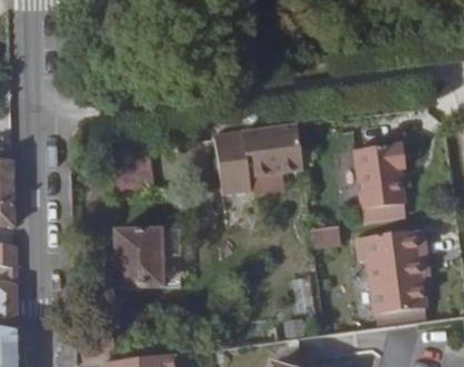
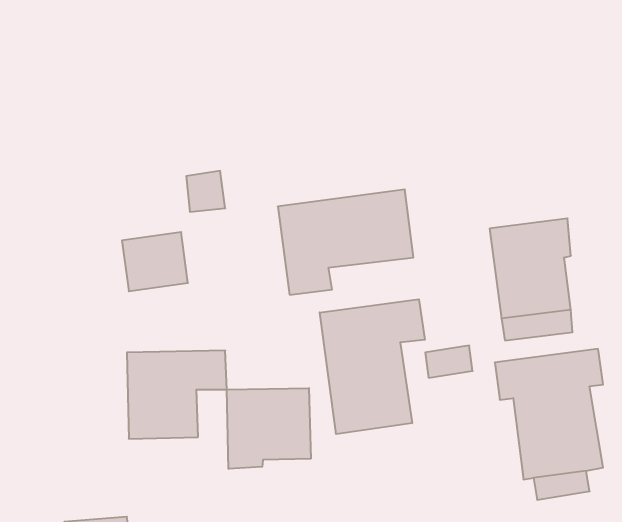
building: none -> [320,299,425,434]
building: none -> [227,388,311,469]

